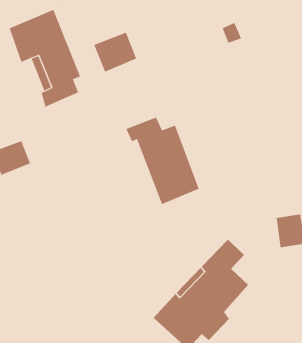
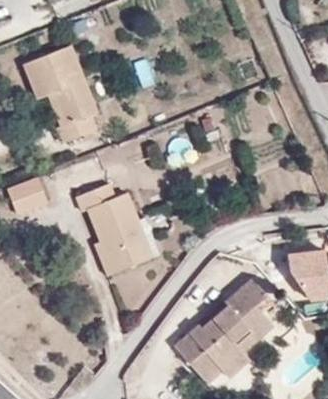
building: [94,32,137,73] -> none
building: [125,117,200,205] -> [78,184,152,272]

